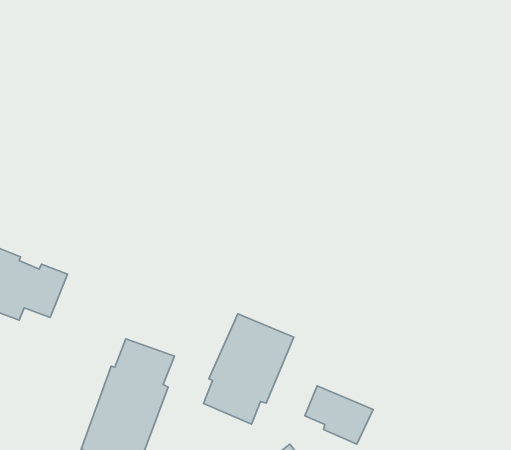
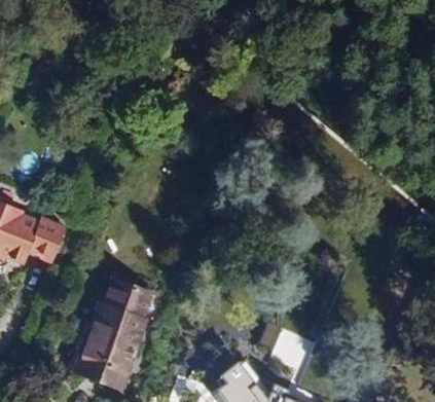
building: [203,314,294,424] -> none

